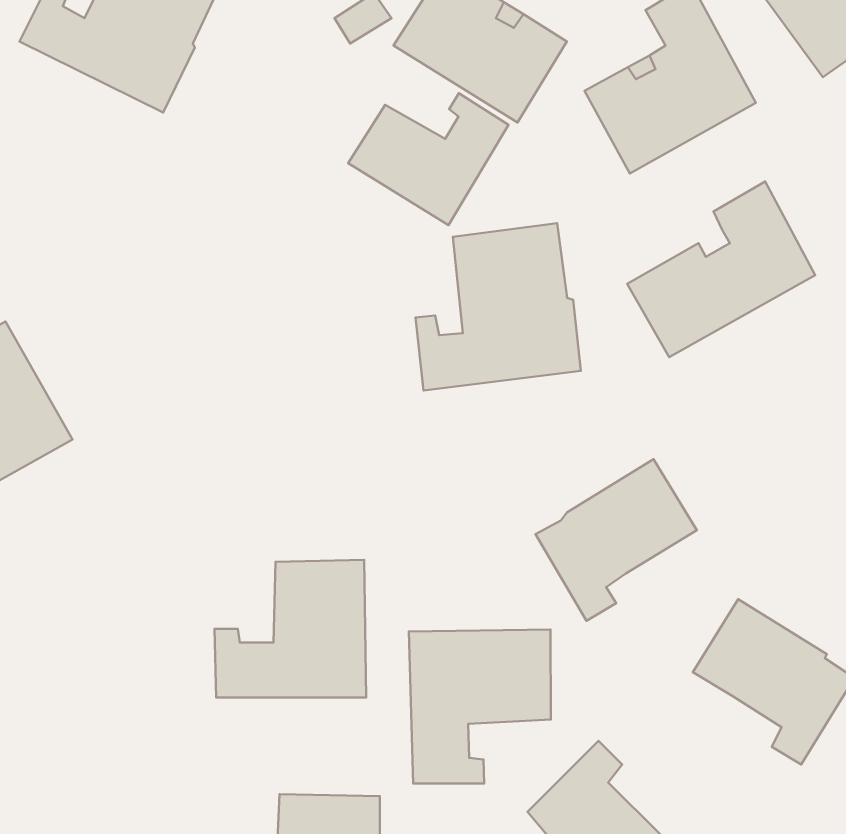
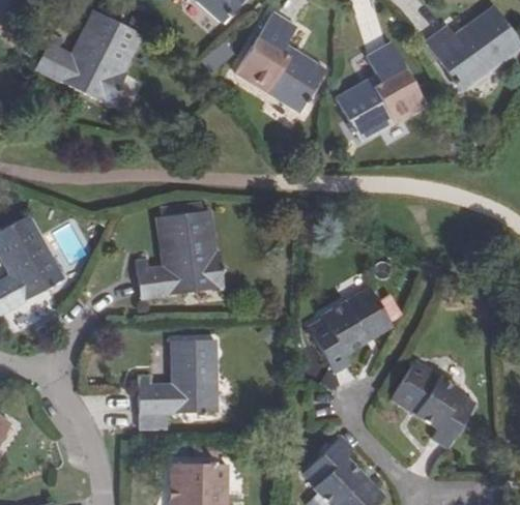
building: [348,93,509,225] -> none
building: [627,182,815,357] -> none
building: [415,223,581,390] -> [137,211,224,299]
building: [409,630,551,784] -> none

